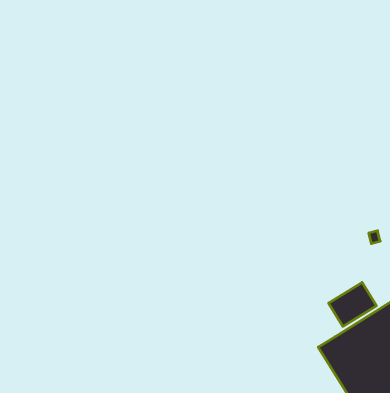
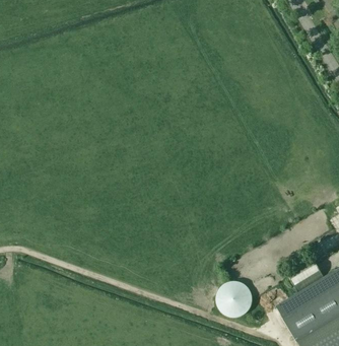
building: none -> [219,281,253,315]

